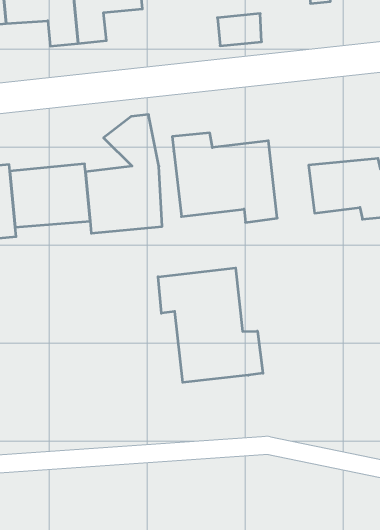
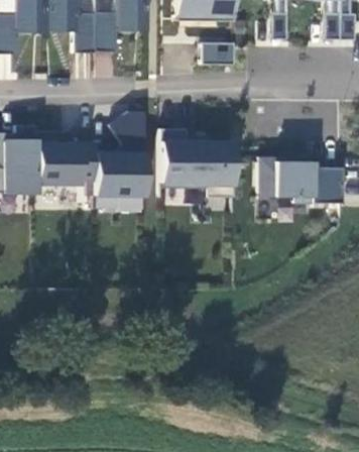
building: [158,268,263,382] -> none

